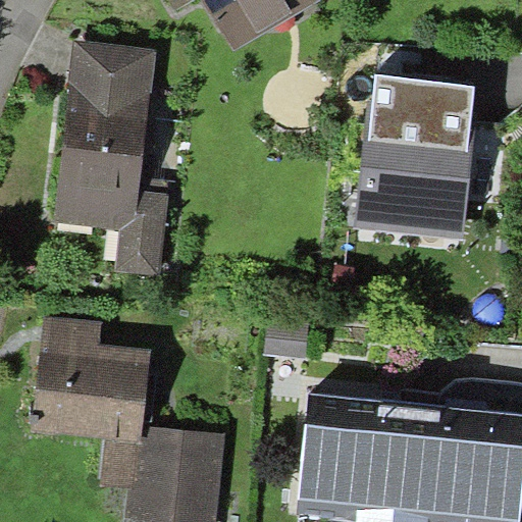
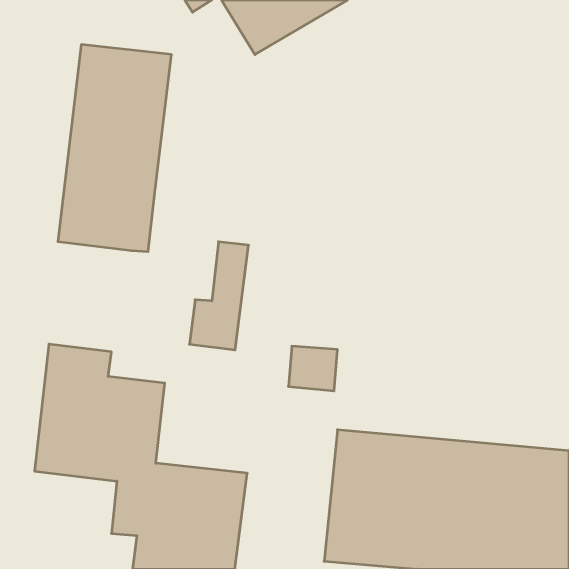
building: [354,74,476,239] -> none
building: [115,176,169,275] -> [189,242,249,350]

